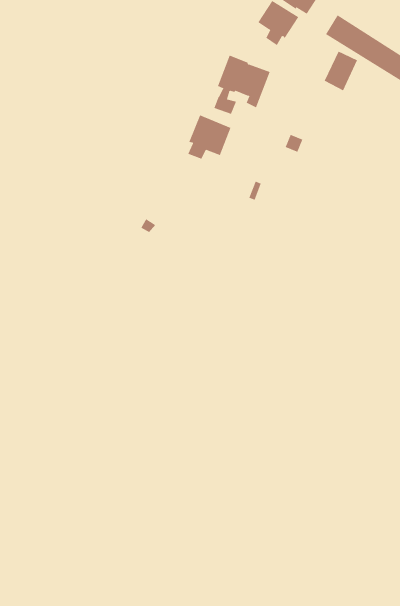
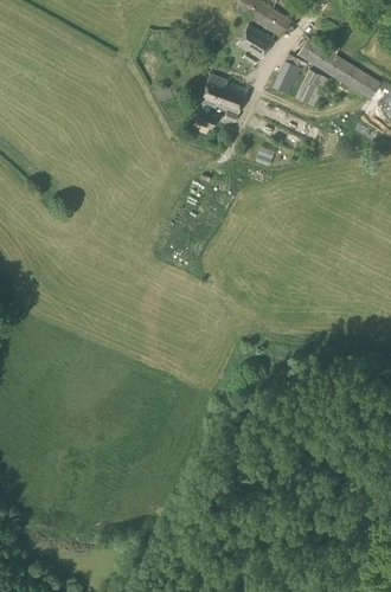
building: none -> [273,53,301,94]
building: [187,114,231,159] -> none

